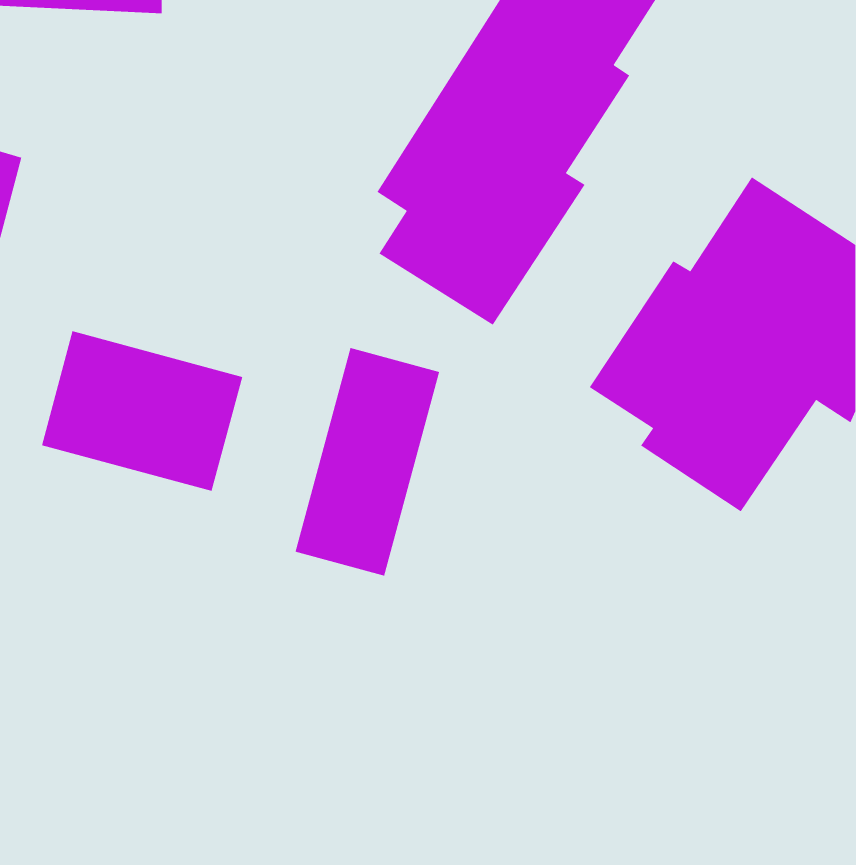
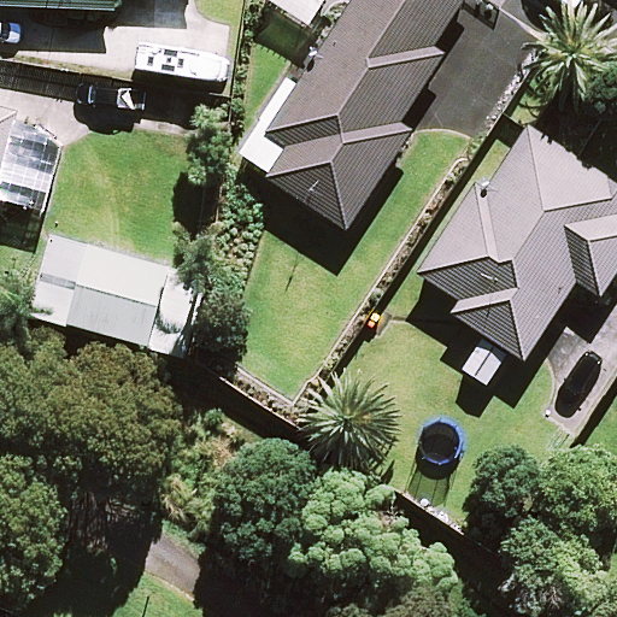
building: [295,347,440,577] -> none

